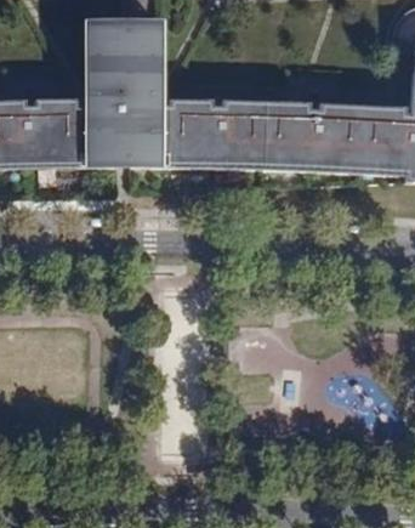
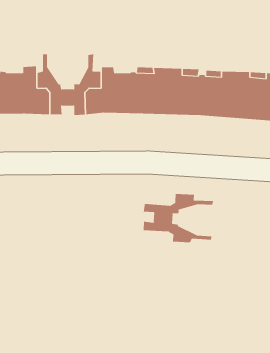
building: [84,25,158,132] -> none
building: none -> [143,193,214,243]

